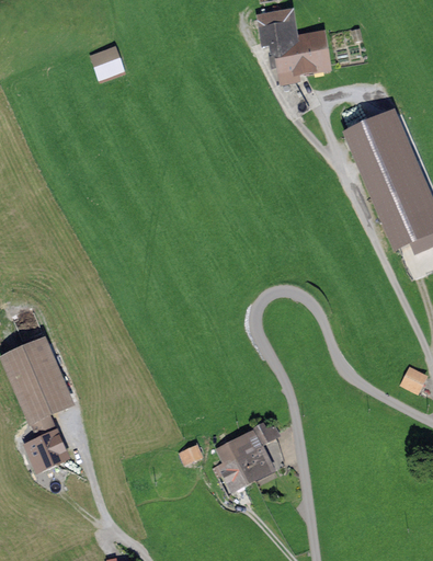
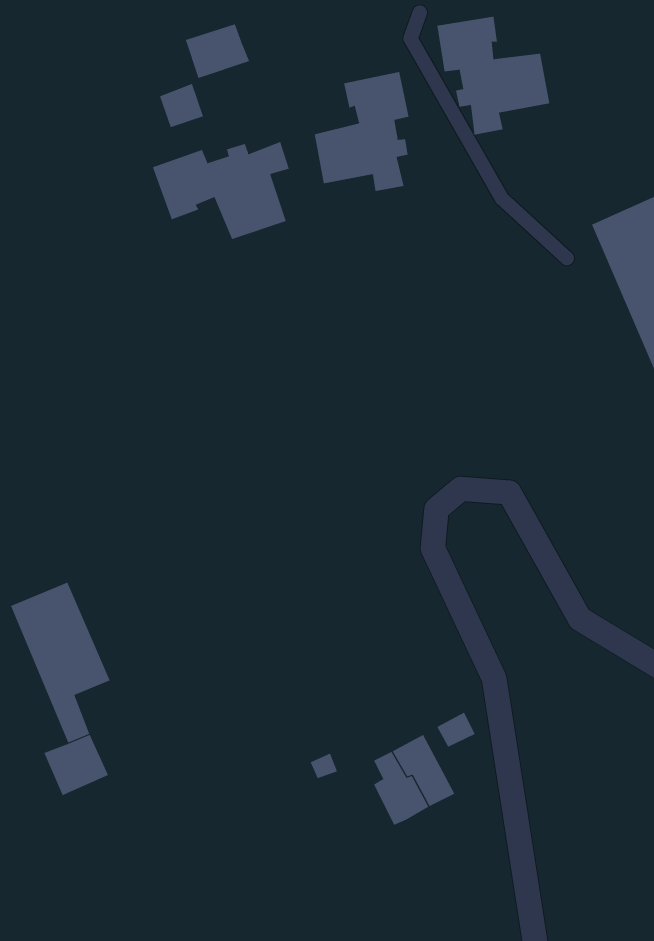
building: none -> [185,23,250,79]
building: none -> [314,71,409,192]
building: none -> [152,141,290,240]

